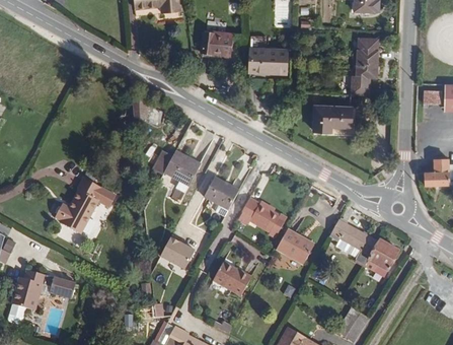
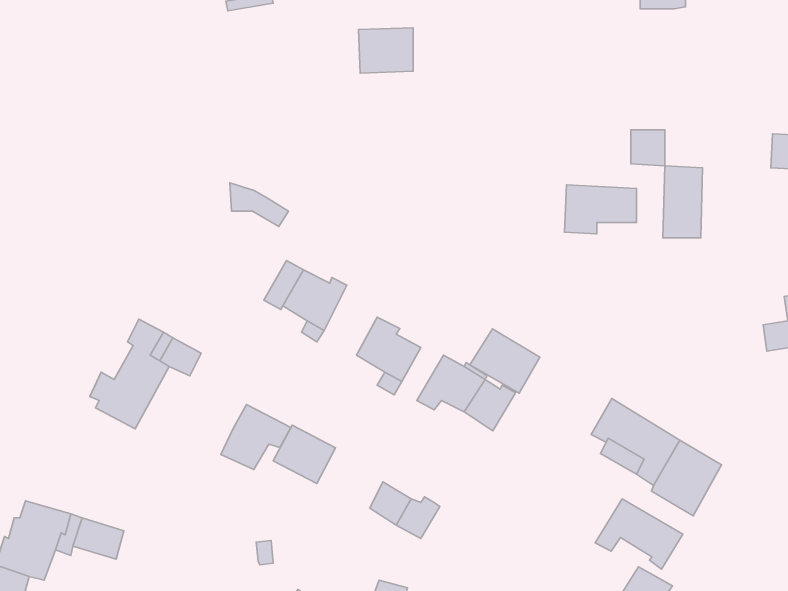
building: [355,38,376,76] -> [663,166,703,238]
building: [249,45,287,70] -> none
building: none -> [221,404,291,469]
building: [275,230,312,265] -> [470,329,540,393]
building: none -> [595,499,683,569]

